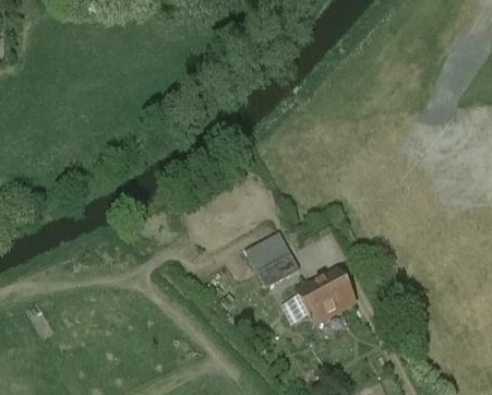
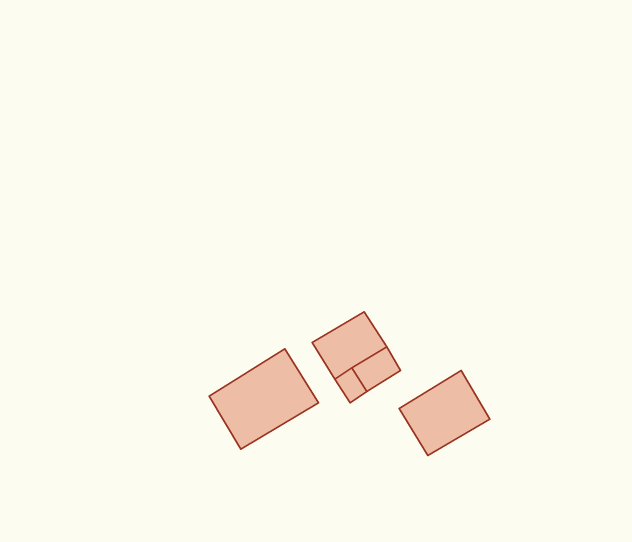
building: none -> [209,349,318,449]

